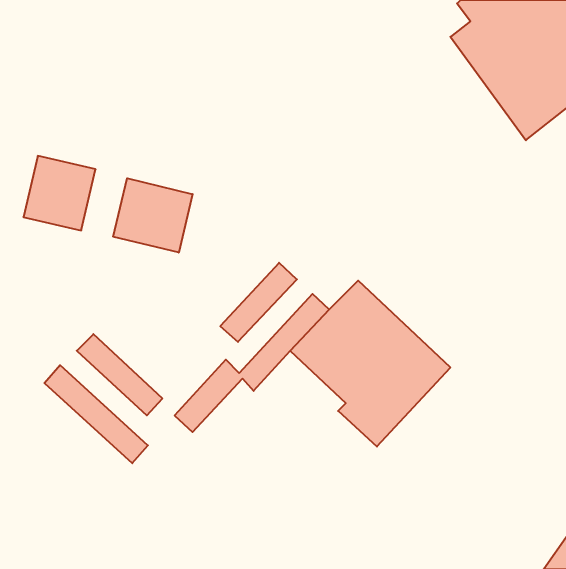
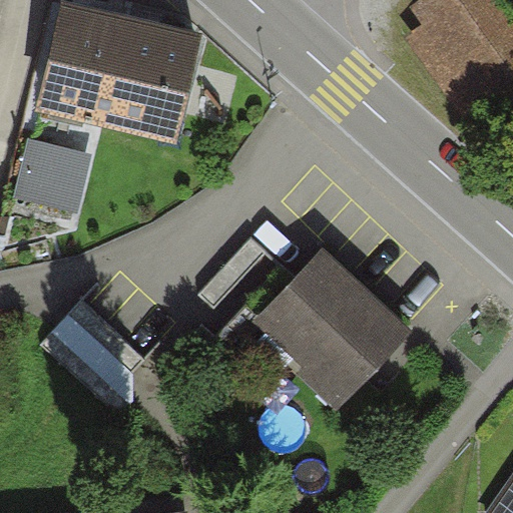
building: none -> [46,5,198,129]
building: [113,178,193,253] -> none

